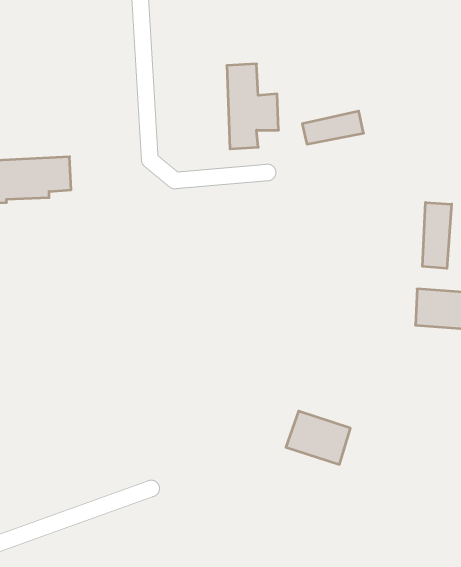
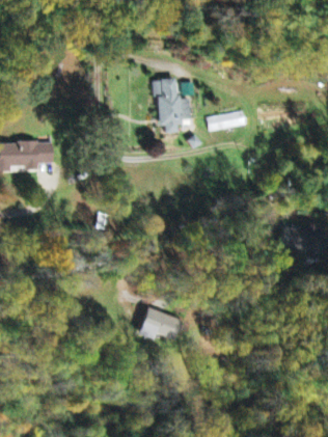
building: [423,202,452,268] -> none
building: [286,411,350,464] -> [138,307,181,343]

